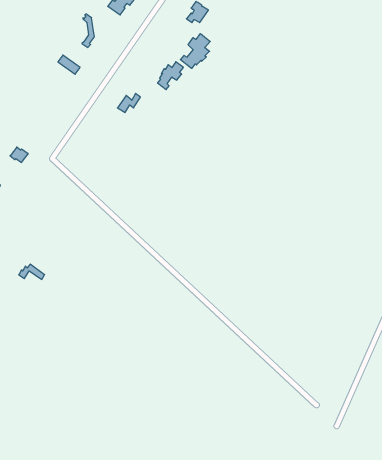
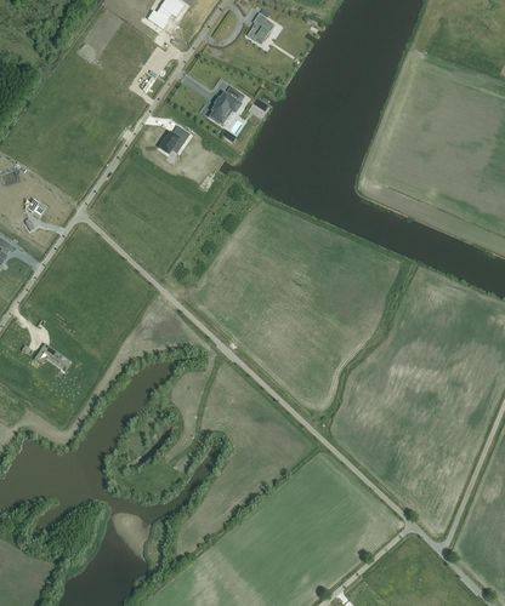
building: [180,34,210,68] -> none

